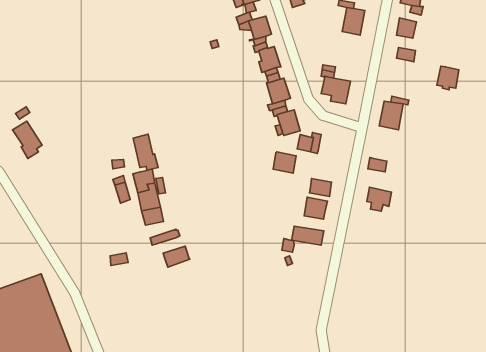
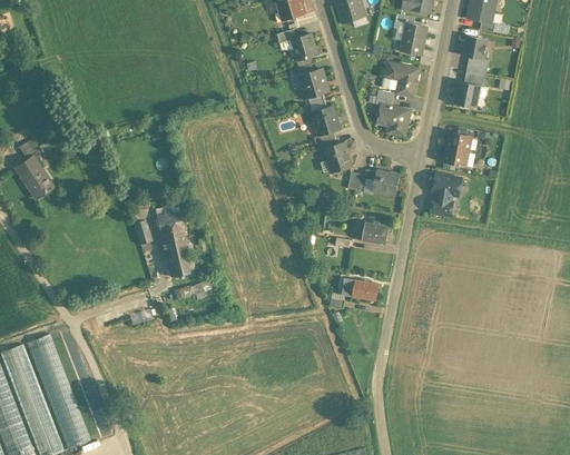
building: none -> [383,62,420,97]
building: [437,66,459,90] -> [454,81,480,109]
building: [133,134,158,170] -> none
building: [273,152,296,173] -> [373,170,400,195]
building: [367,187,392,211] -> [433,174,462,201]
building: [304,197,327,219] -> none
building: [163,246,190,267] -> none

